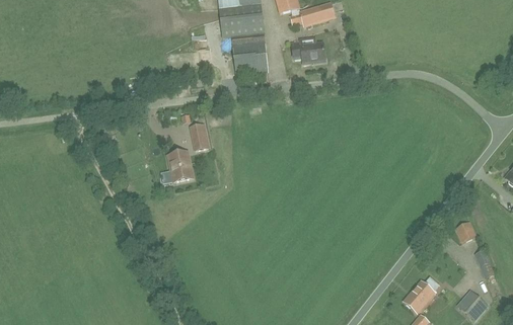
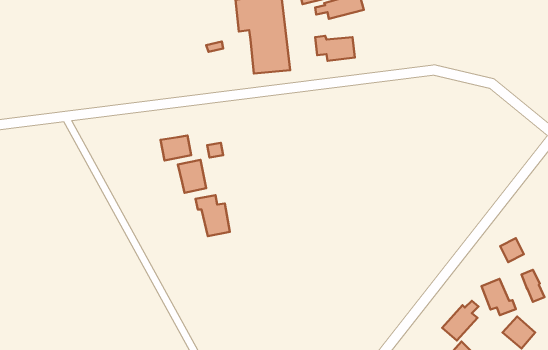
building: none -> [160,135,191,160]
building: none -> [196,195,230,236]
building: none -> [482,279,516,315]

